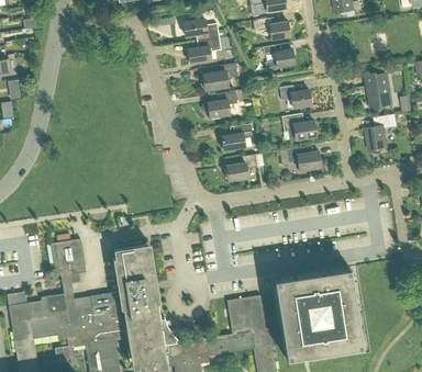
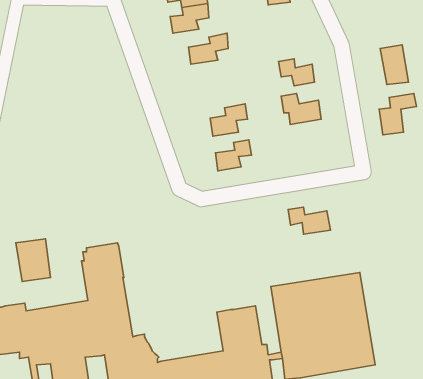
building: [262,45,293,68] -> none
building: [200,91,236,117] -> none
building: [285,147,321,170] -> [288,207,331,234]

